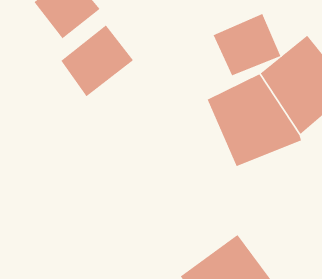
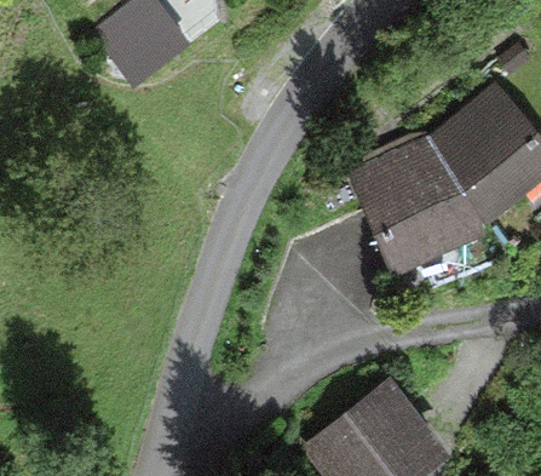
building: [213,13,281,76] -> none
building: [60,24,134,97] -> none

